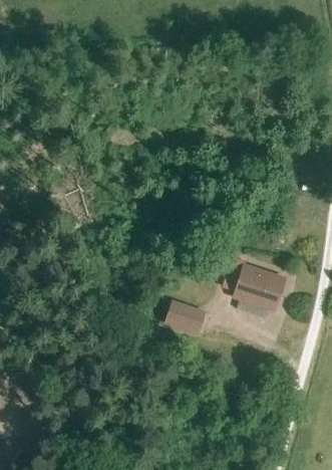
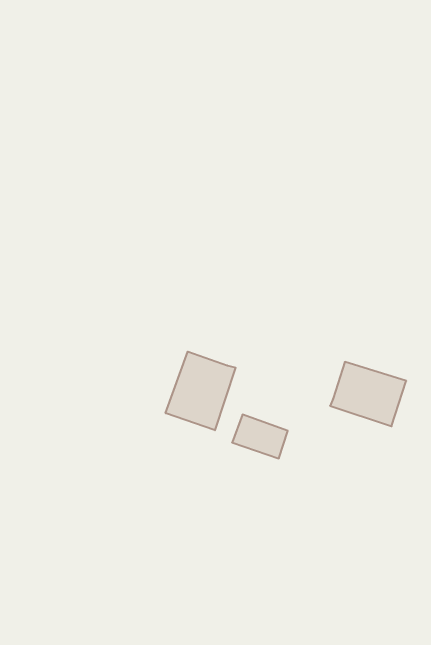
building: none -> [166,352,236,430]

